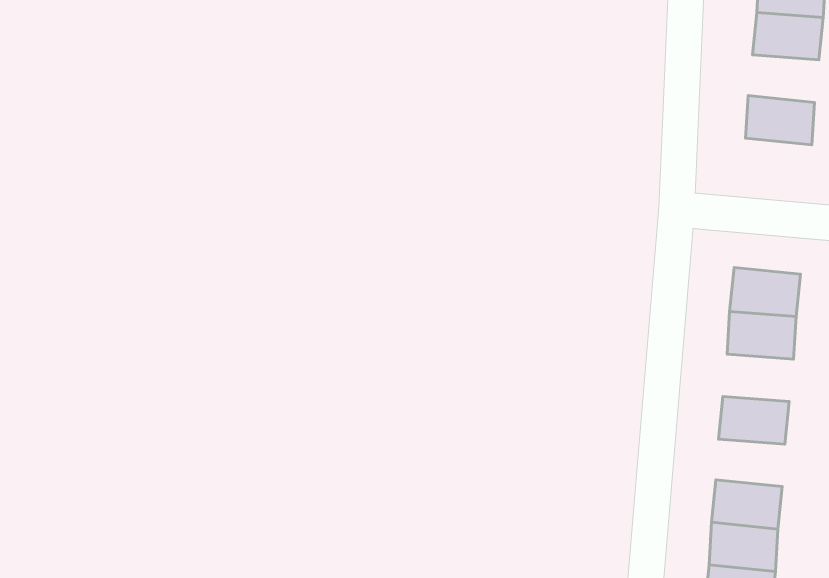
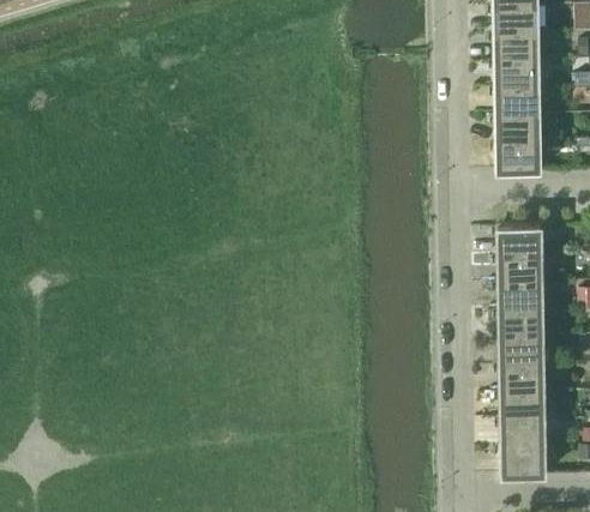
building: none -> [496,90,540,118]
building: none -> [498,145,541,174]
building: none -> [500,284,543,313]
building: none -> [500,339,544,367]

